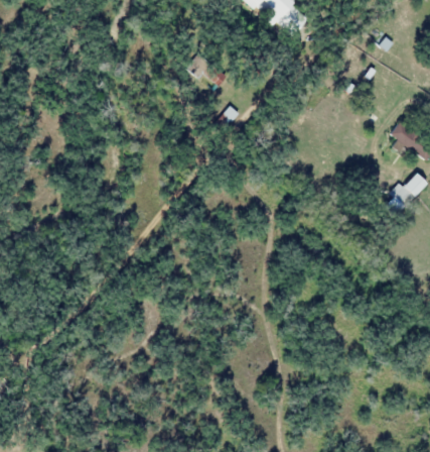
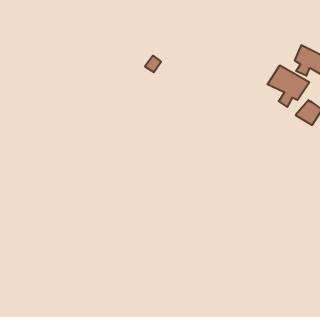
building: none -> [267,65,309,107]

